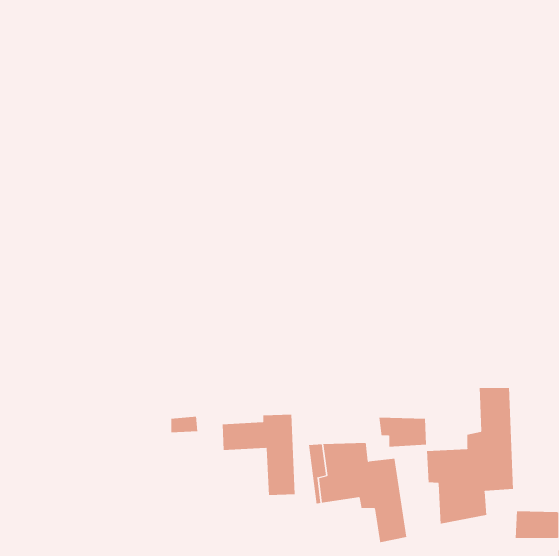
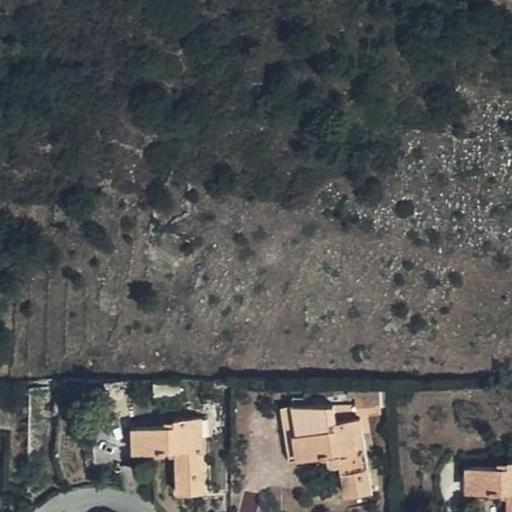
building: [426,387,514,524] -> none
building: [222,414,296,496] -> [136,421,203,495]

